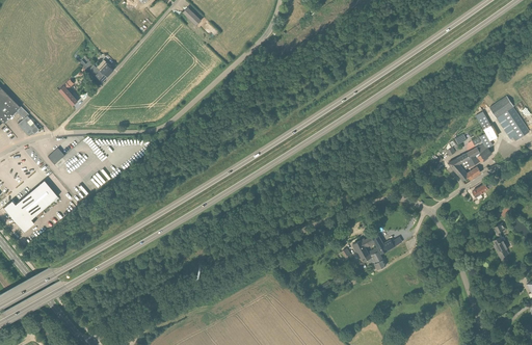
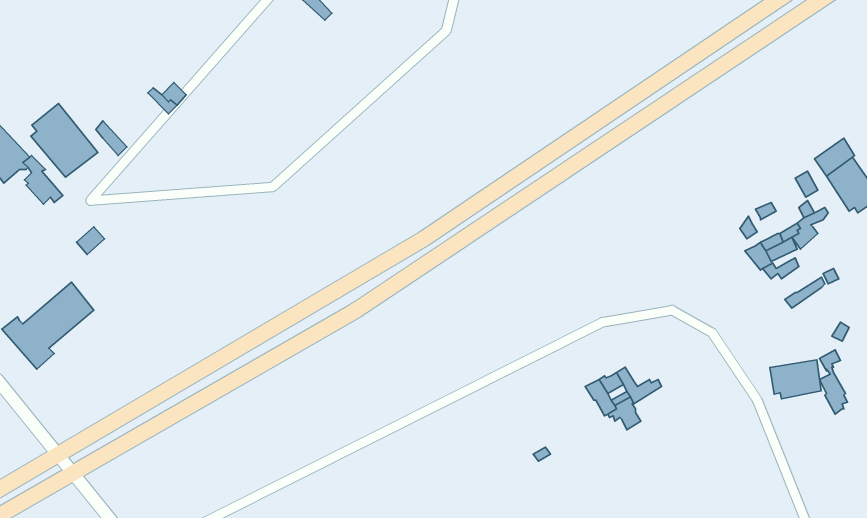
building: none -> [31,103,98,177]
building: none -> [770,360,821,399]

